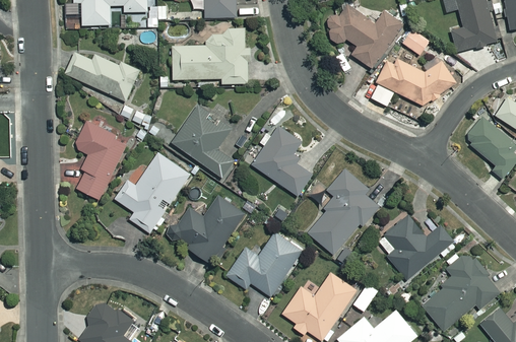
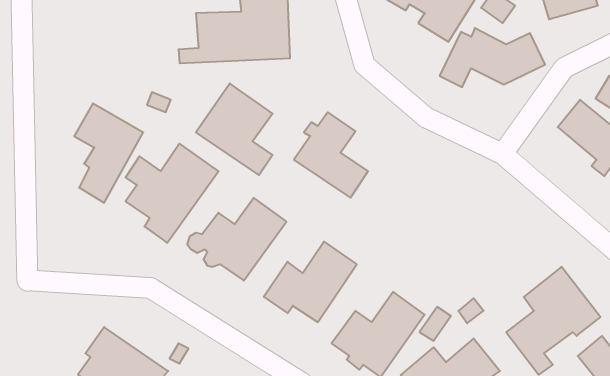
building: [65,53,139,101] -> none
building: [308,169,381,255] -> none
building: [378,215,453,280] -> none

